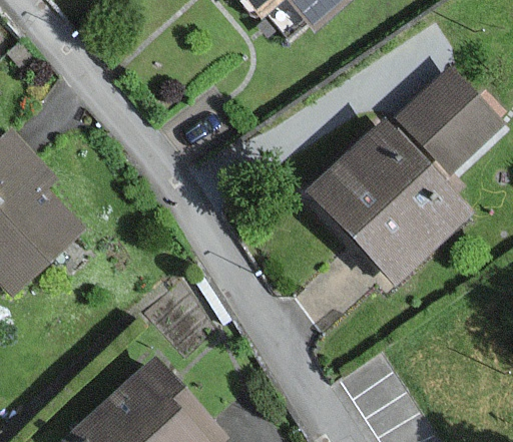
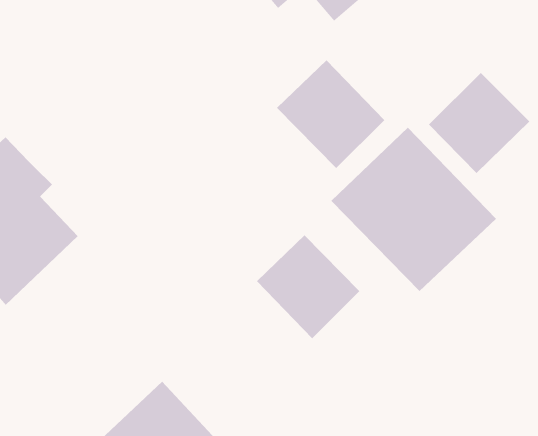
building: none -> [276,59,385,169]
building: none -> [256,235,360,339]

